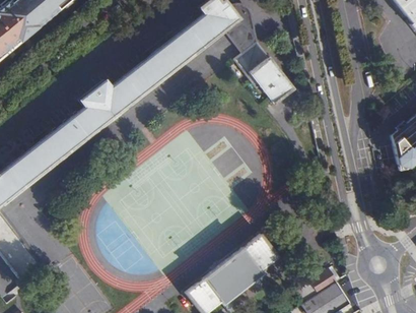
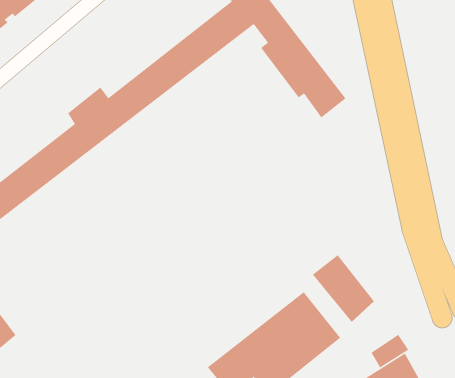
building: none -> [312,254,375,323]

